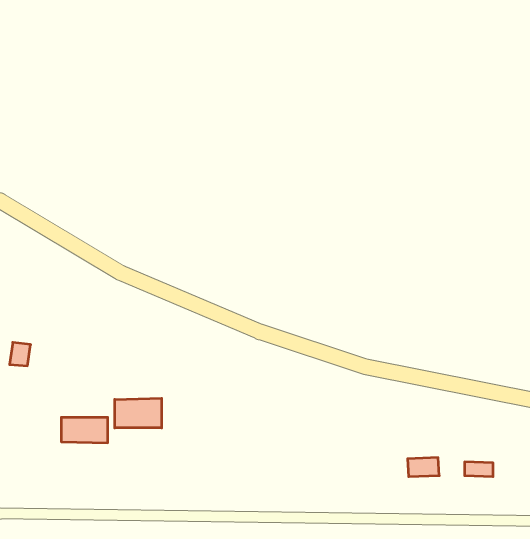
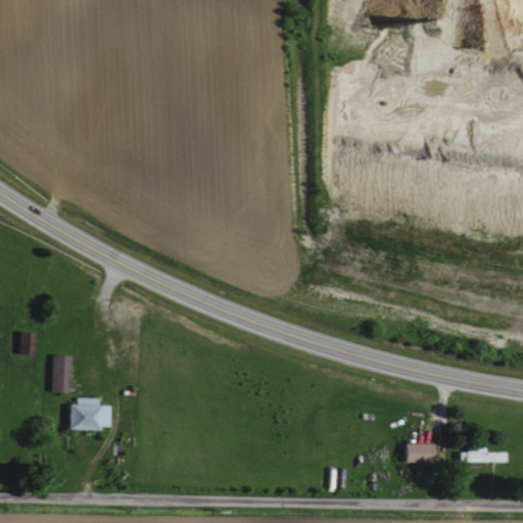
building: none -> [53,354,77,391]
building: [115,398,162,428] -> none

